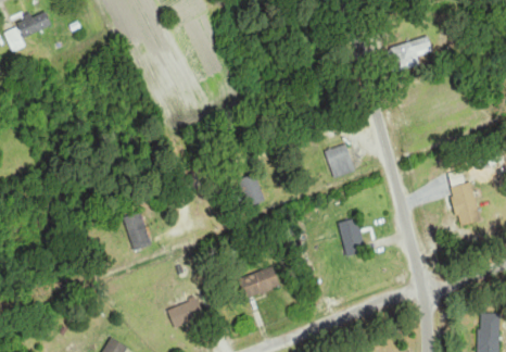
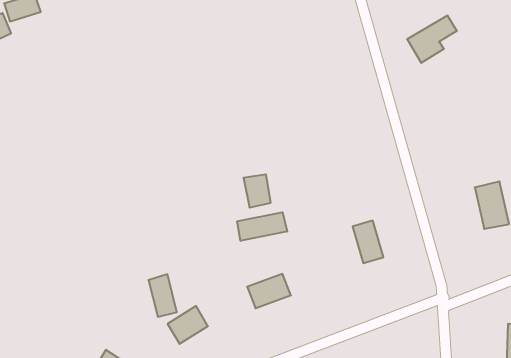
building: [325,143,355,178] -> none
building: none -> [237,212,287,241]
building: [124,212,150,251] -> [148,274,177,317]

